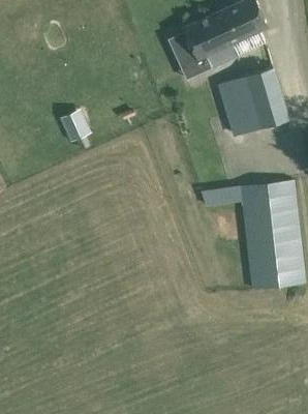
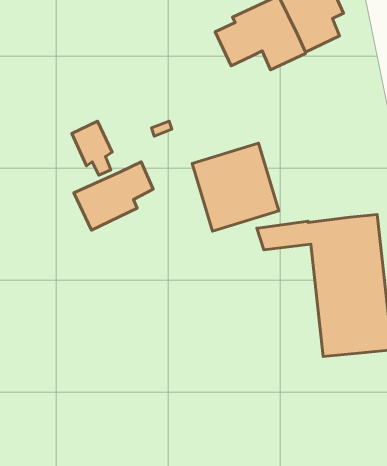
building: [221,67,287,135] -> [192,143,279,231]
building: none -> [74,162,153,230]

